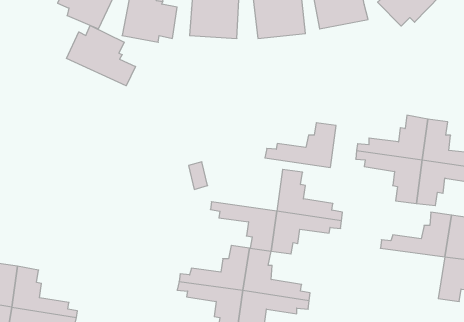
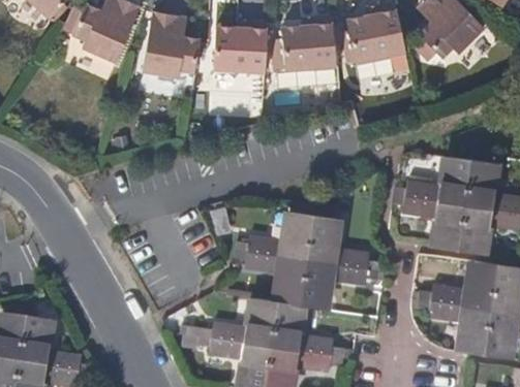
building: [66,25,135,86] -> none
building: [265,123,336,167] -> [237,212,314,260]
building: none -> [420,300,491,355]

